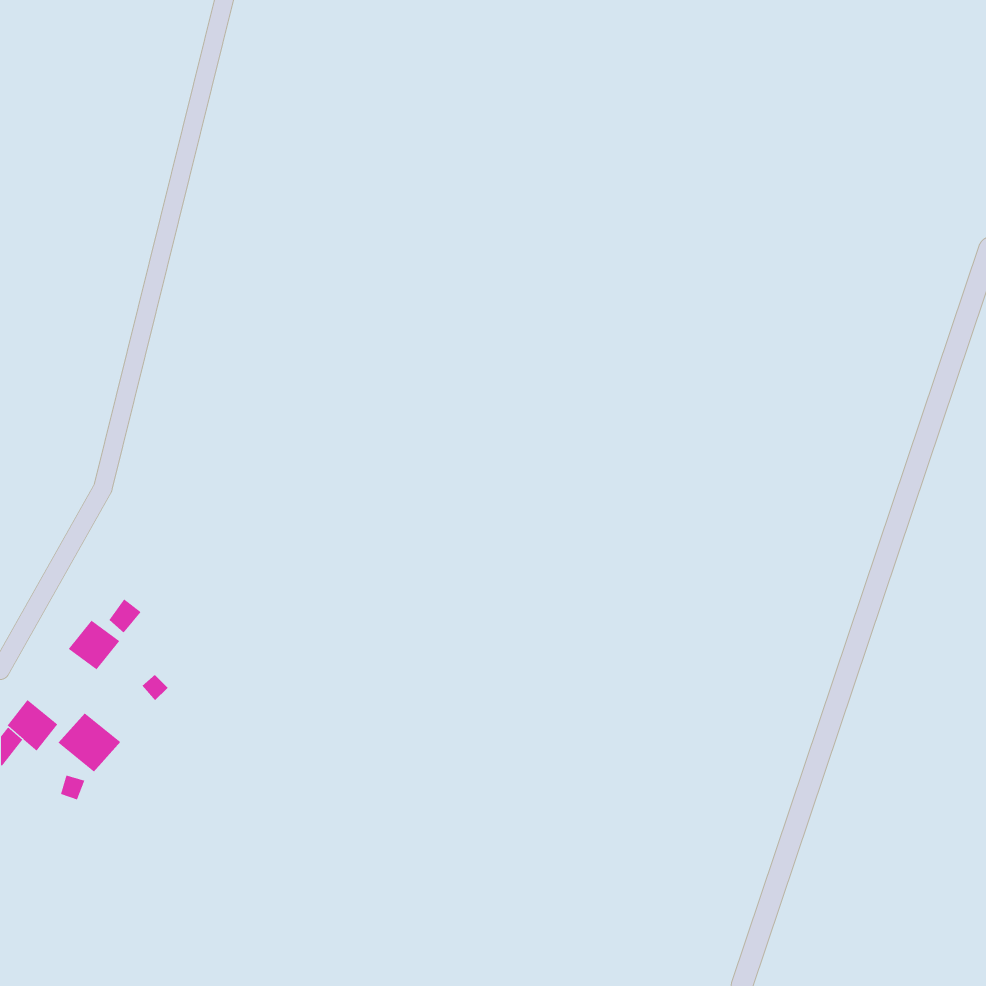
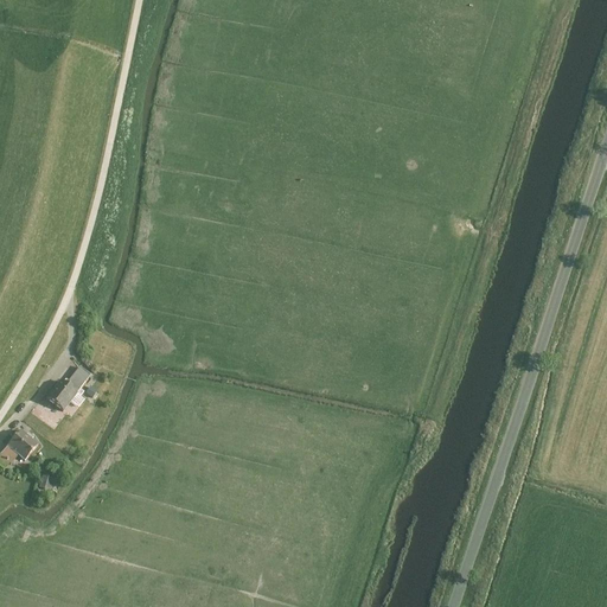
building: [58,712,121,772] -> none

